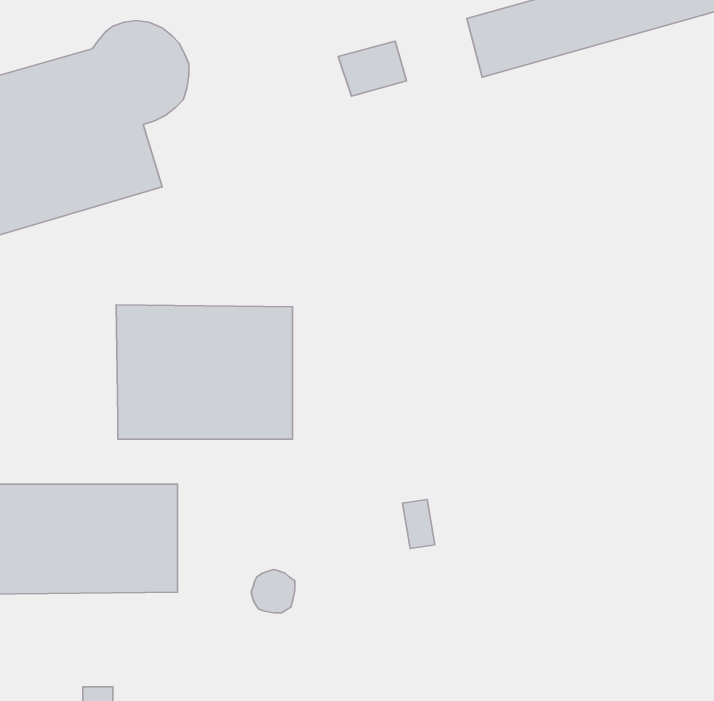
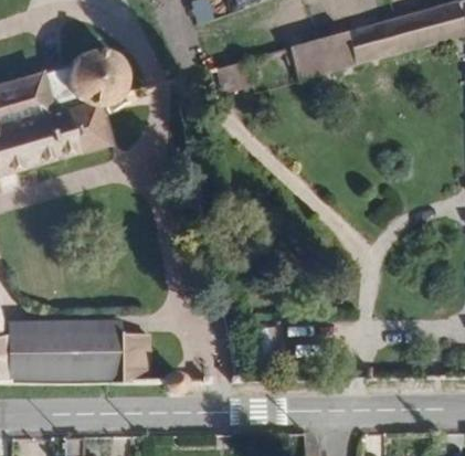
building: [116,305,292,439] -> none
building: none -> [121,331,152,381]

